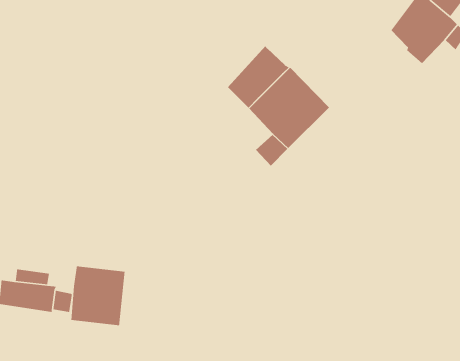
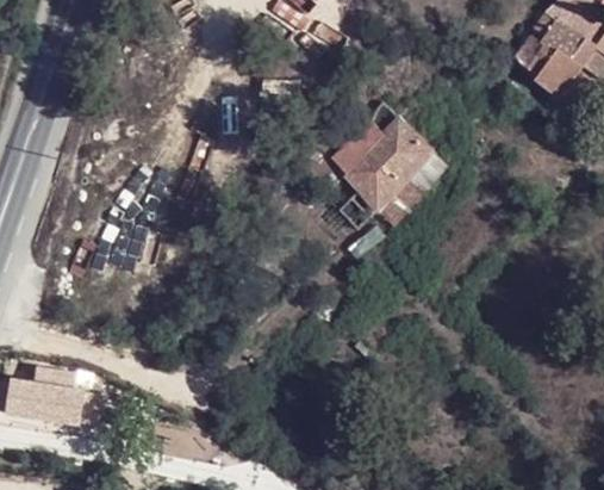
building: [227,45,290,109] -> none
building: [71,265,126,326] -> none

